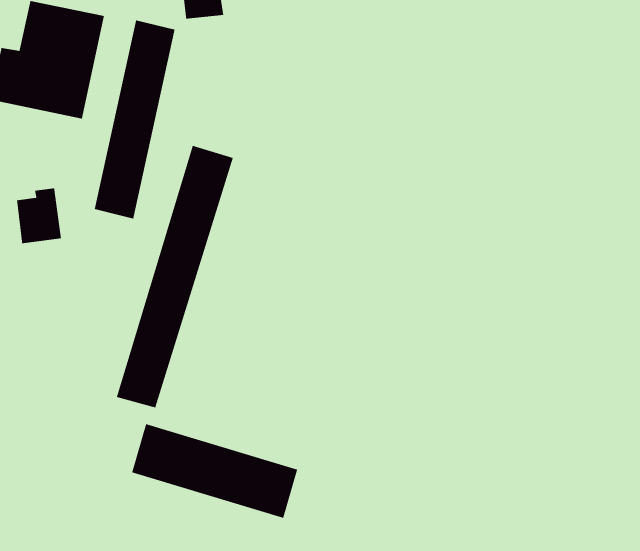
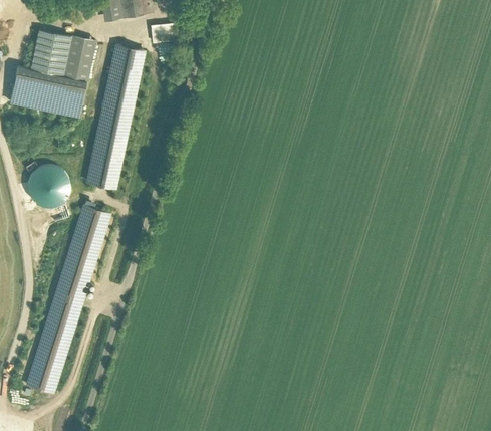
building: [116,145,234,409] -> [26,203,111,394]
building: [131,423,298,519] -> none

